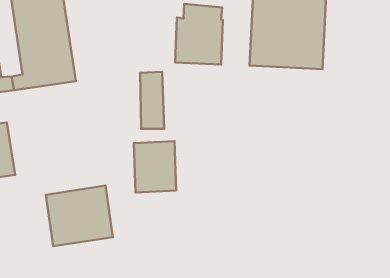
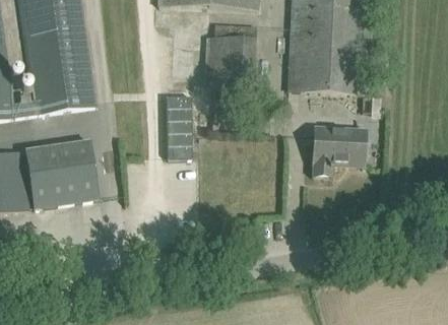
building: none -> [312,126,365,175]
building: [134,141,176,192] -> none
building: [46,186,113,246] -> [24,140,99,207]

